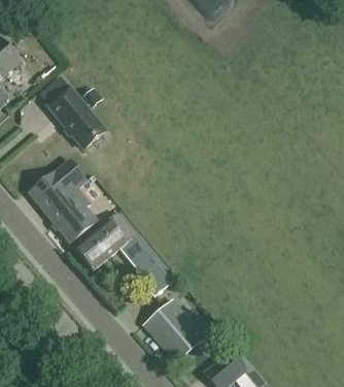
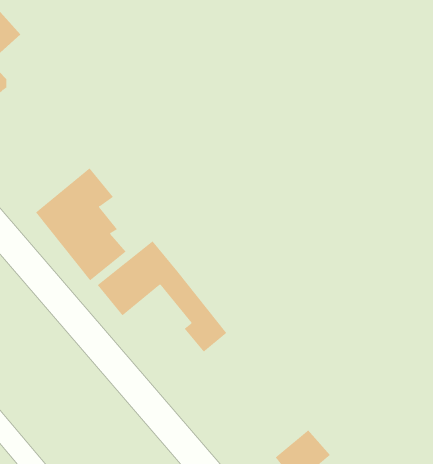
building: [48,87,106,149] -> none
building: [143,299,205,362] -> none

